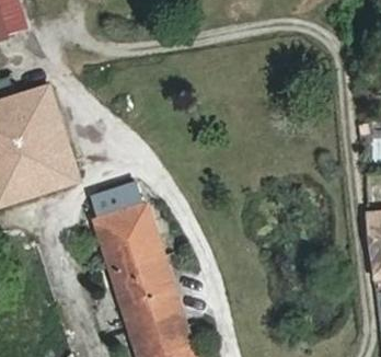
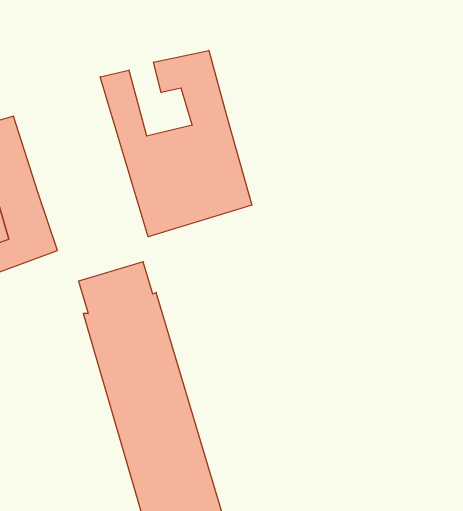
building: none -> [100,50,252,237]

